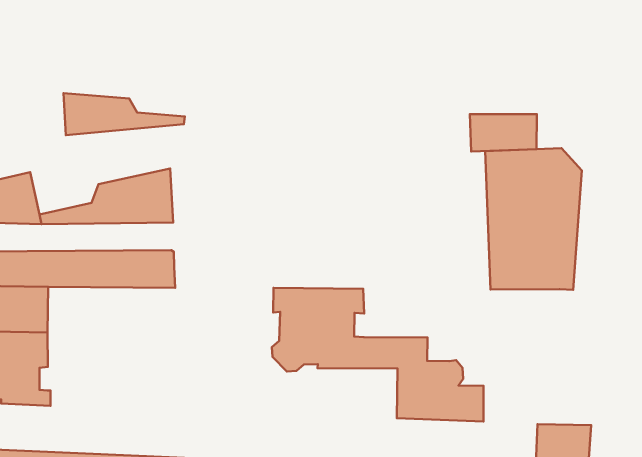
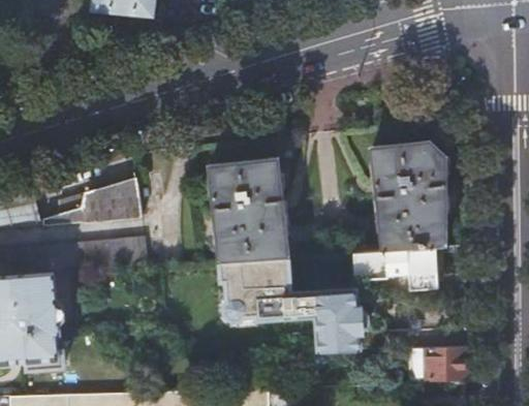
building: [64,93,185,135] -> none
building: [470,114,537,152] -> none
building: none -> [209,157,287,260]
building: none -> [350,246,436,288]

